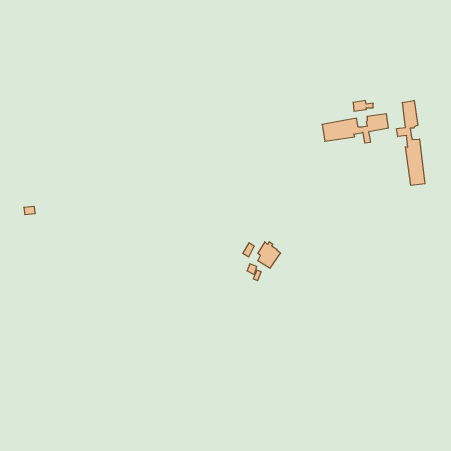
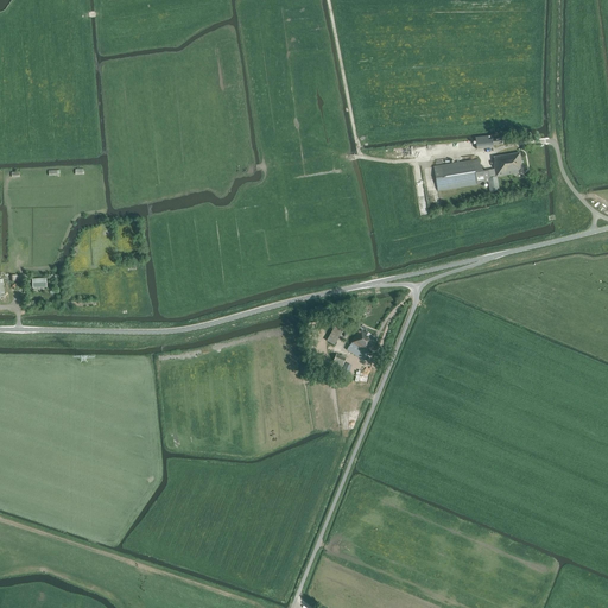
building: [397,100,425,185] -> none

